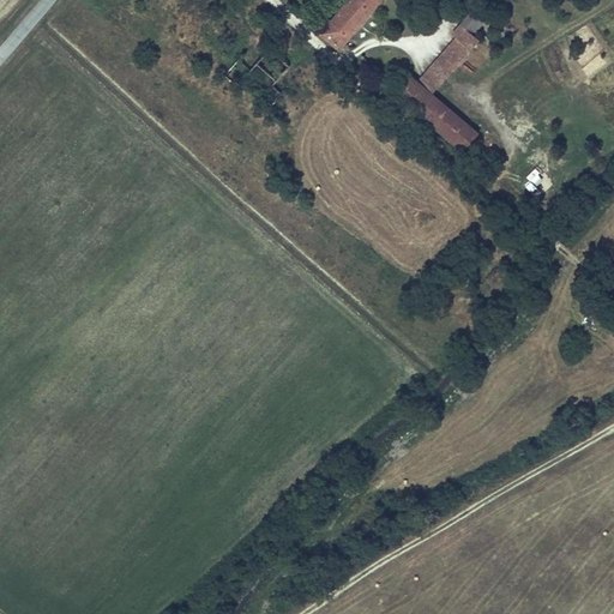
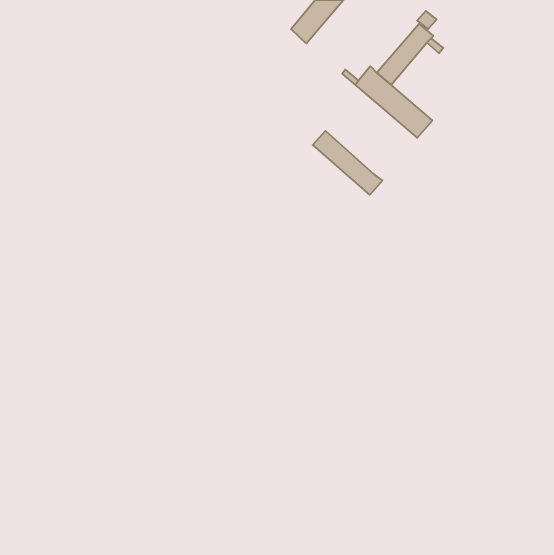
building: none -> [313,131,382,195]

